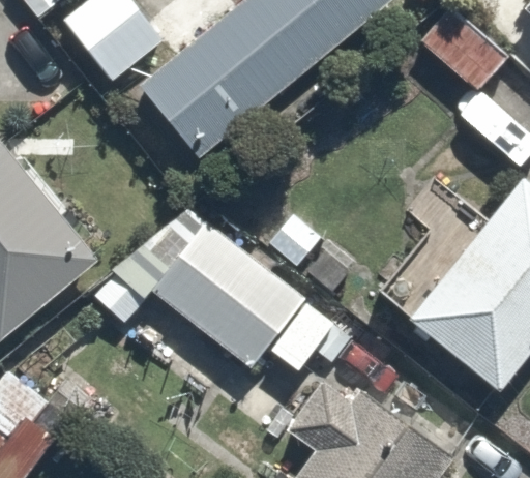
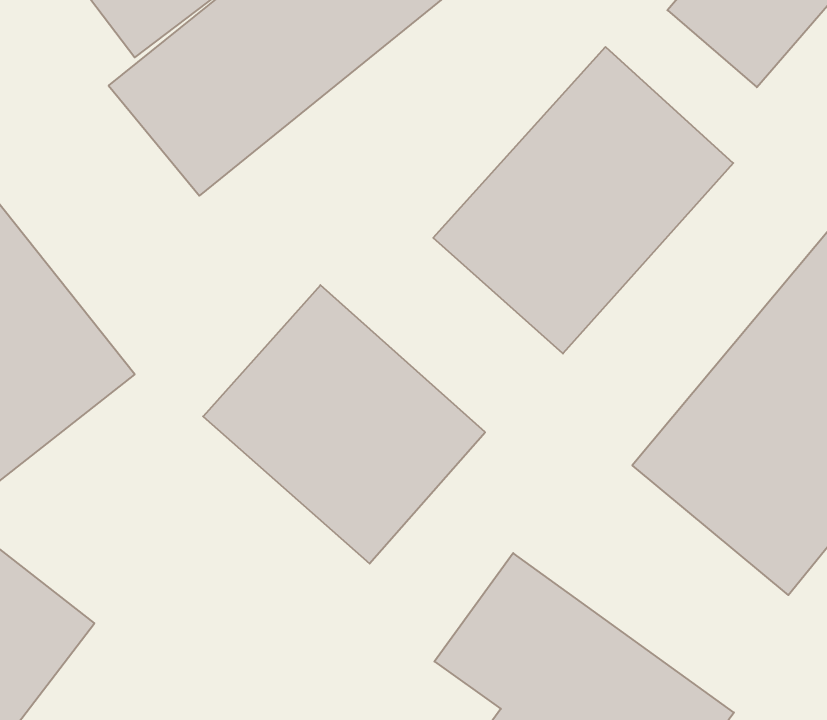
building: none -> [433,47,733,354]

